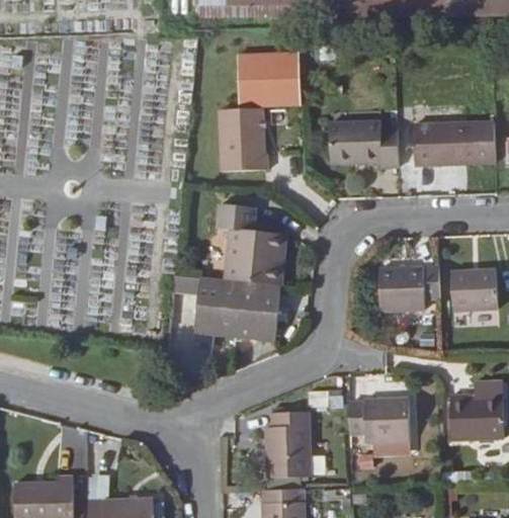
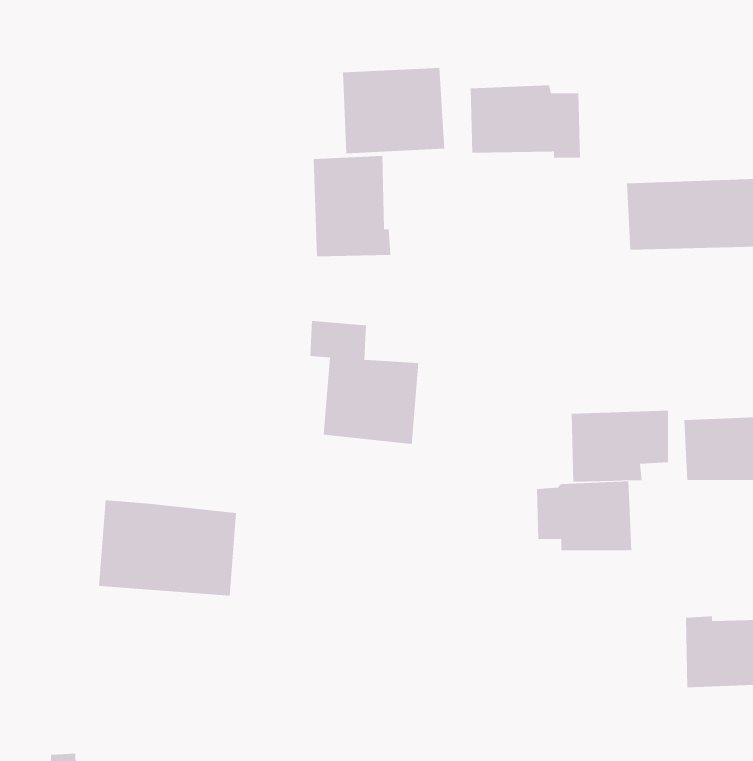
building: [331,122,400,168] -> [470,85,581,158]
building: [194,278,280,338] -> [98,500,237,596]
building: [349,397,409,440] -> [536,481,632,551]
building: [266,411,311,476] -> none

